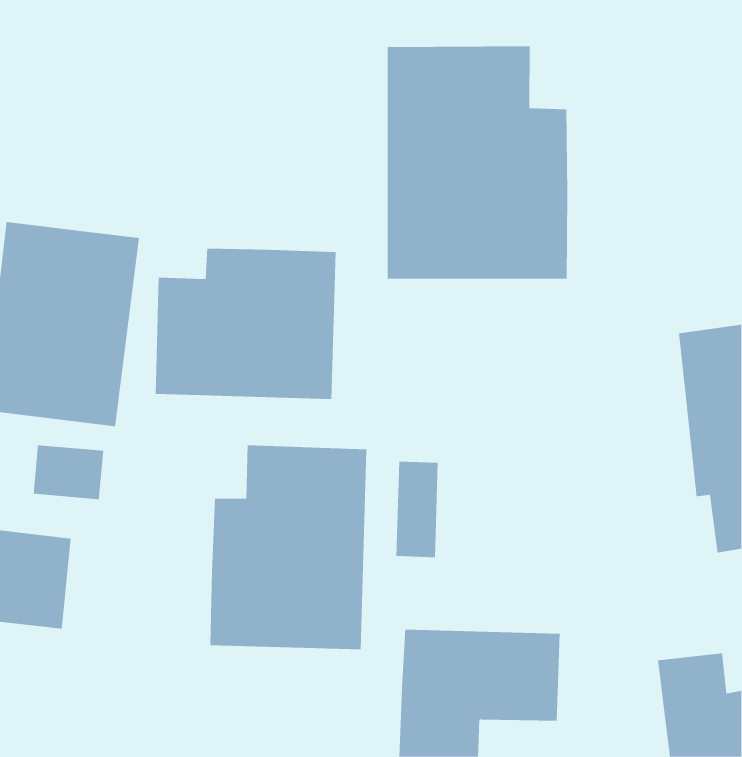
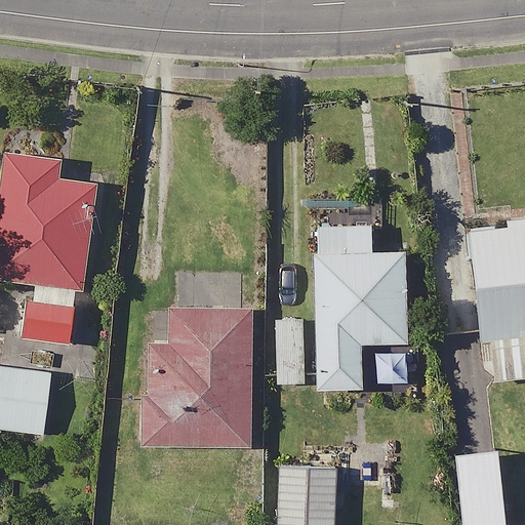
building: [387,45,568,280] -> none
building: [155,248,336,400] -> none
building: none -> [316,228,407,393]

